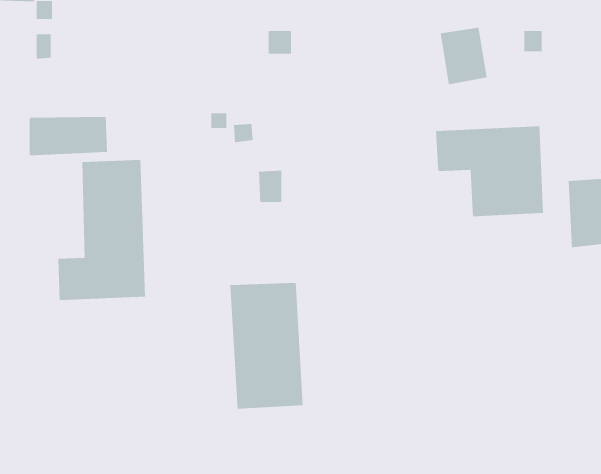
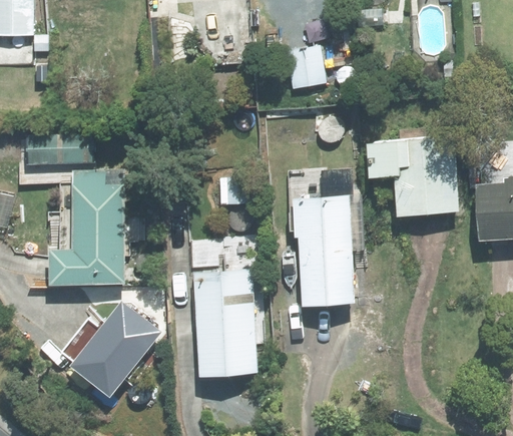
building: [440,27,488,85] -> [286,44,326,92]
building: none -> [294,195,352,305]
building: none -> [71,301,161,398]

